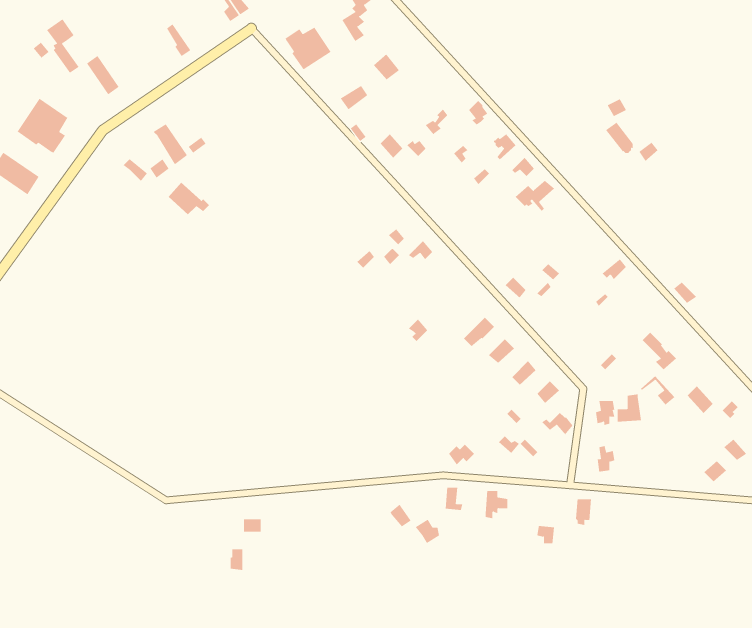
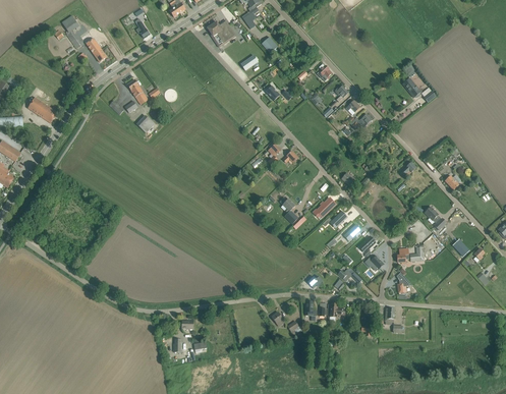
building: [17,98,68,153] -> none

